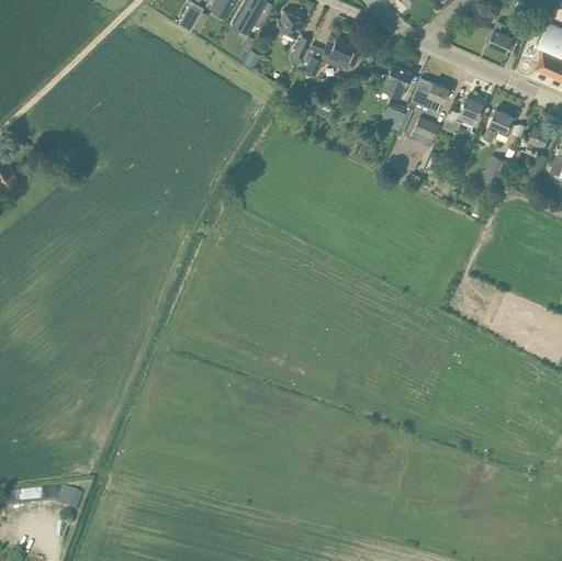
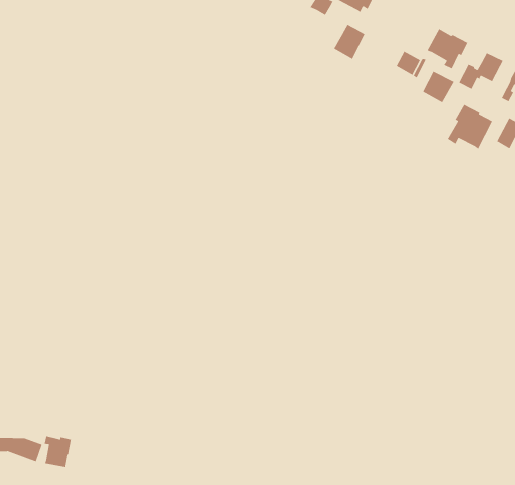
building: [383,64,413,97] -> [333,24,366,60]
building: none -> [447,103,493,150]
building: none -> [43,435,72,468]

